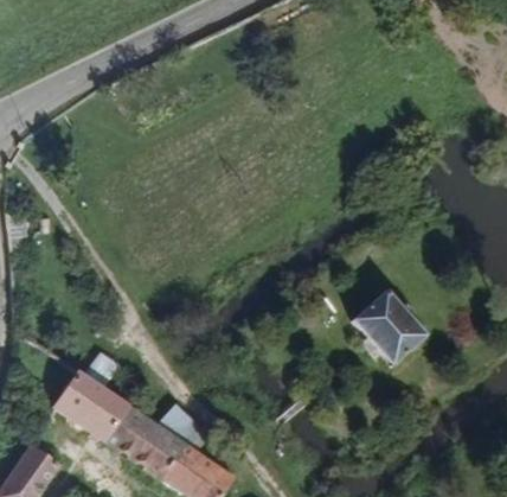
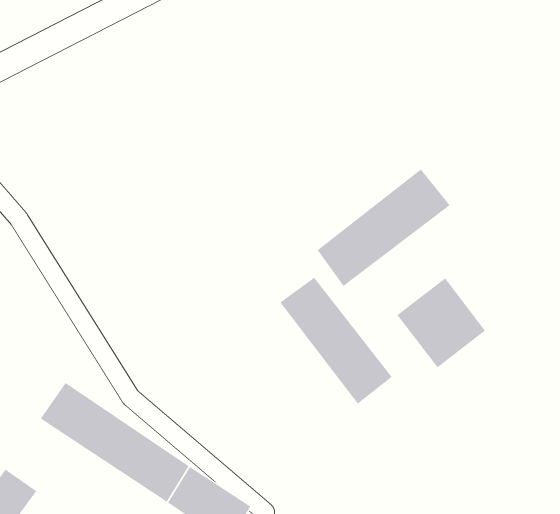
building: none -> [317,168,450,287]
building: none -> [279,277,393,405]

